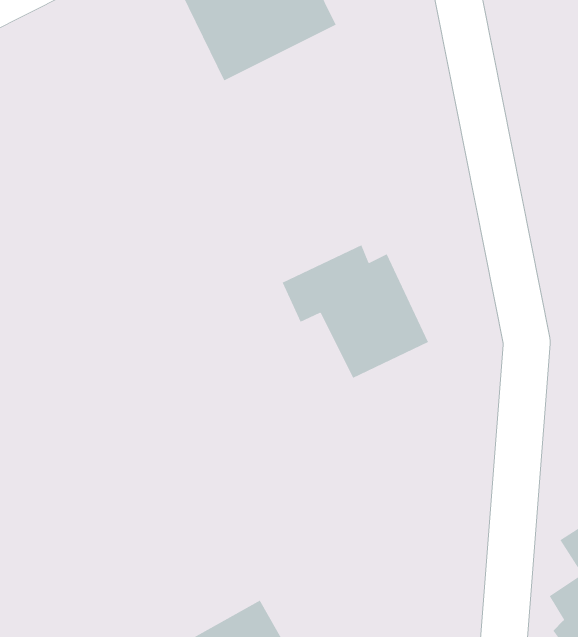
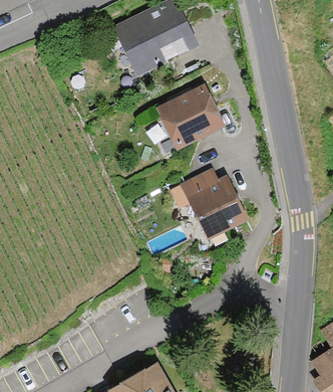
building: none -> [154,83,225,149]

